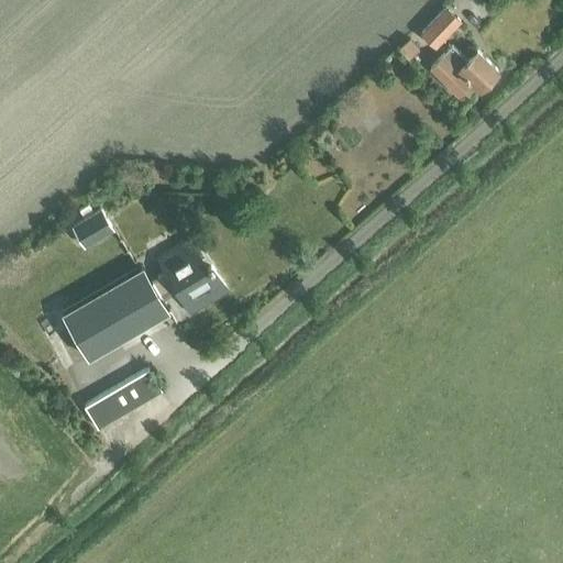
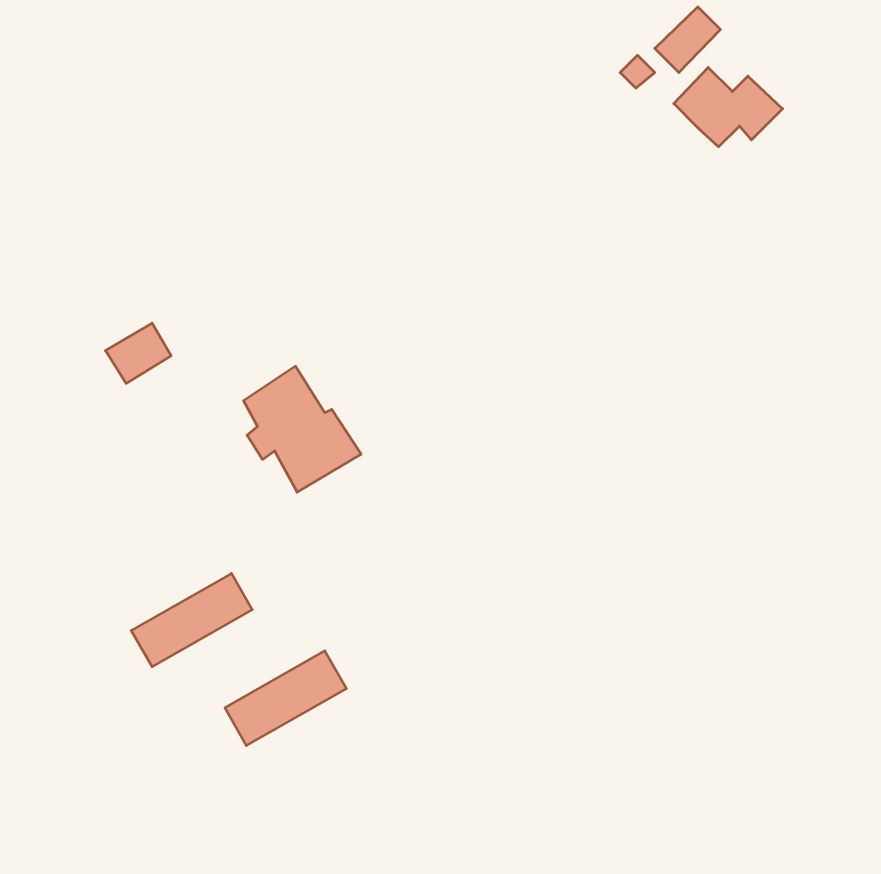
building: [62,266,174,362] -> none
building: none -> [225,651,346,746]

